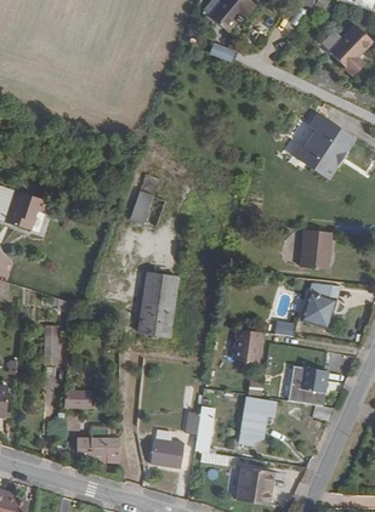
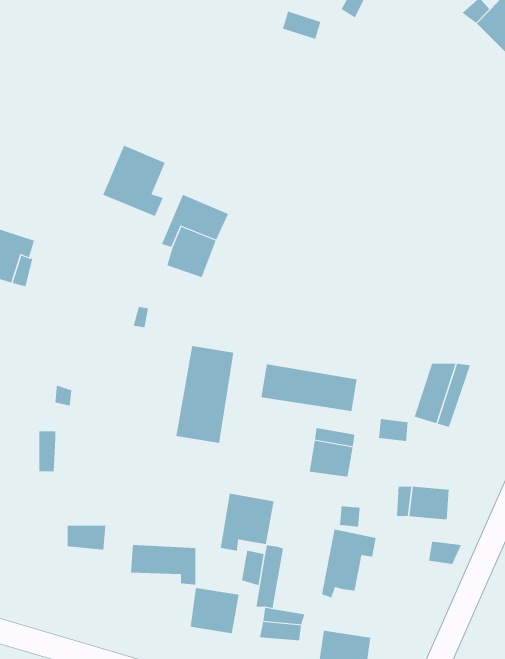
building: [289,118,353,184] -> none
building: none -> [102,145,165,217]
building: [299,228,329,269] -> none
building: none -> [261,363,357,412]
building: none -> [220,493,274,552]
building: [70,434,115,462] -> [130,544,196,585]

